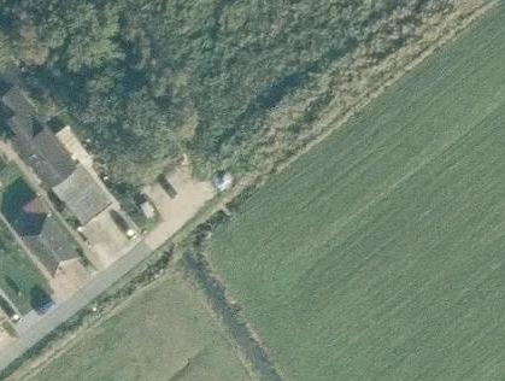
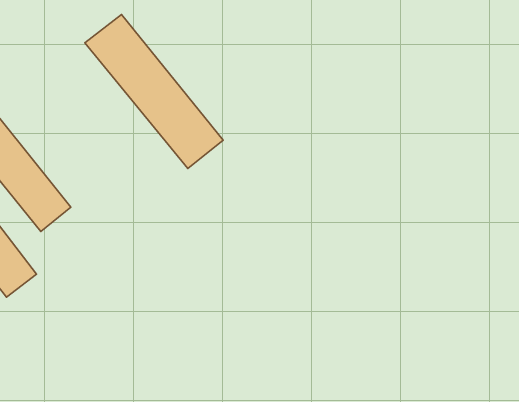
building: none -> [85,15,223,169]

